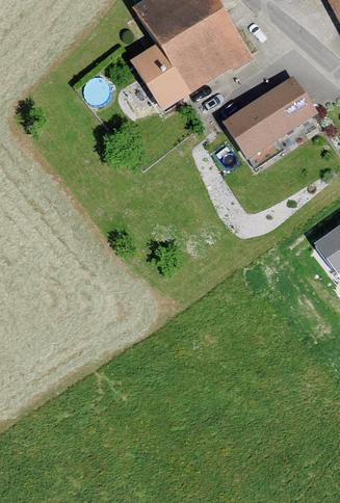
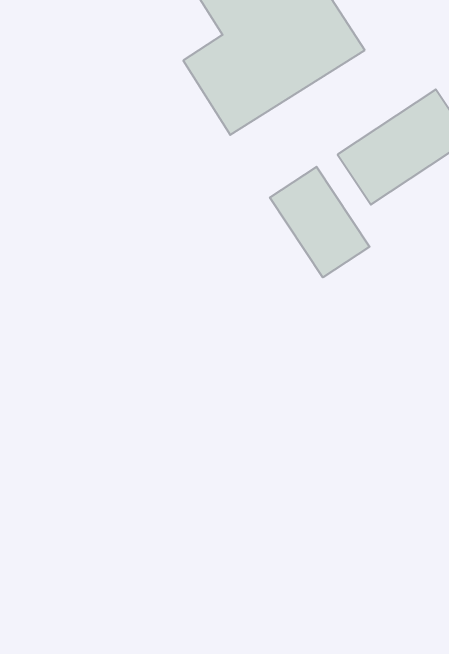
building: none -> [270,167,370,277]

